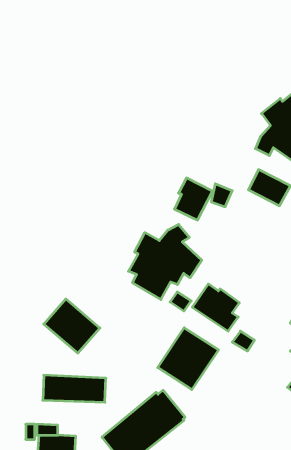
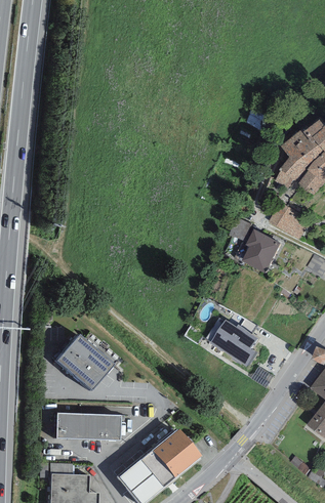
building: [174,178,212,220] -> [241,228,280,271]
building: [128,224,202,300] -> none
building: [158,328,218,390] -> none

